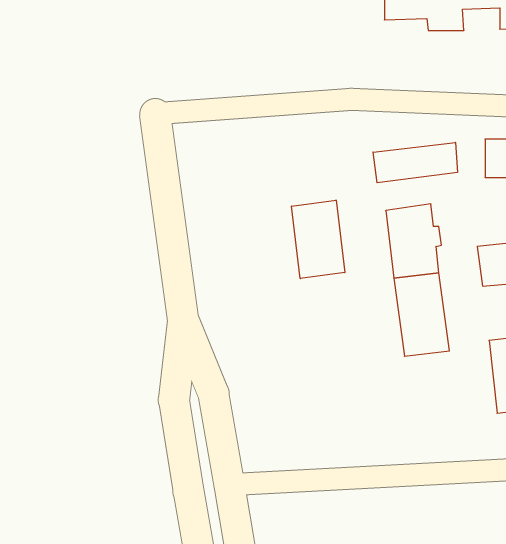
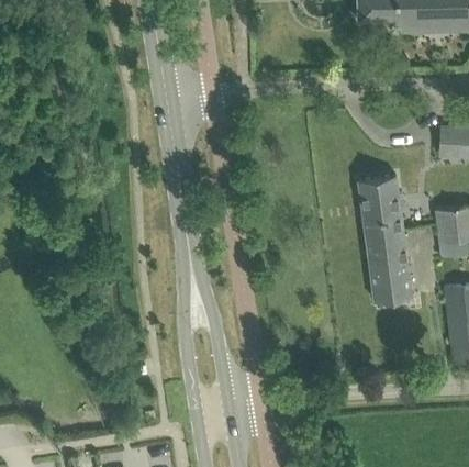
building: [373,142,457,183] -> none
building: [292,200,345,279] -> none

